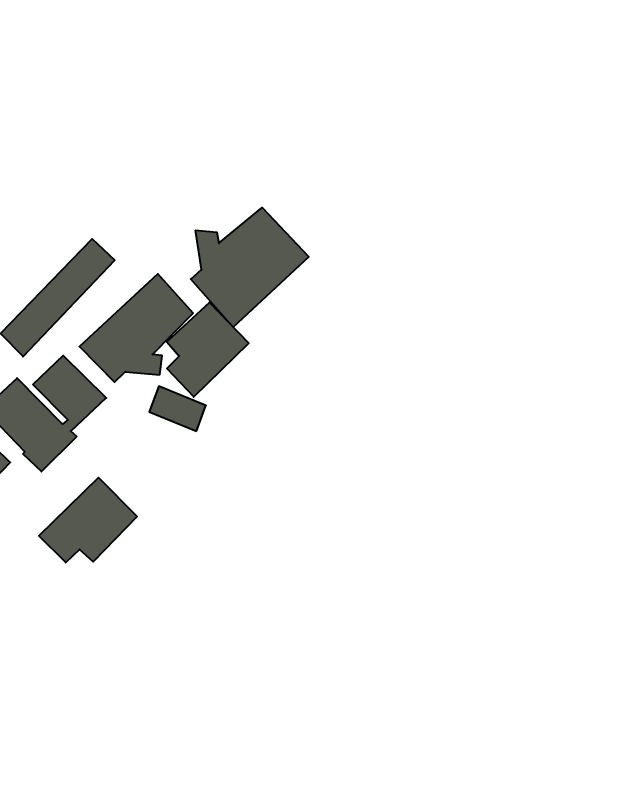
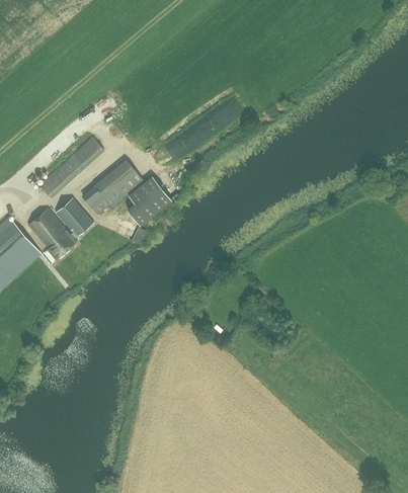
building: [191,208,309,327] -> none
building: [39,478,137,563] -> none

